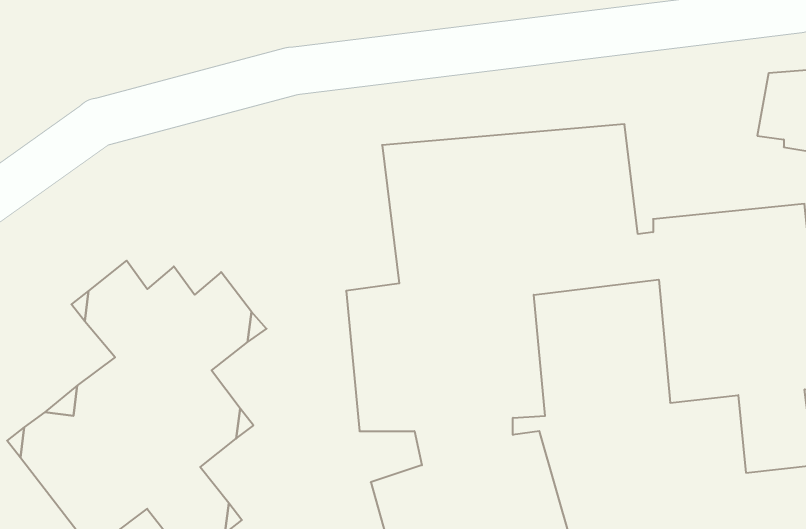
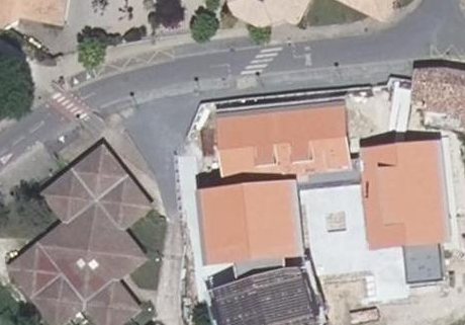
building: none -> [75,147,125,187]

